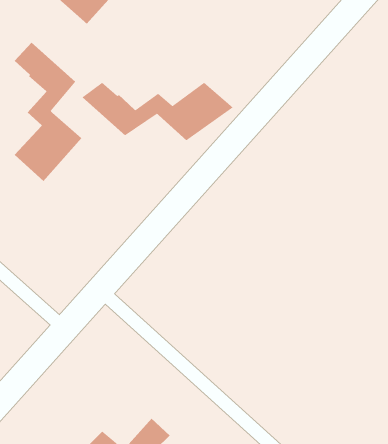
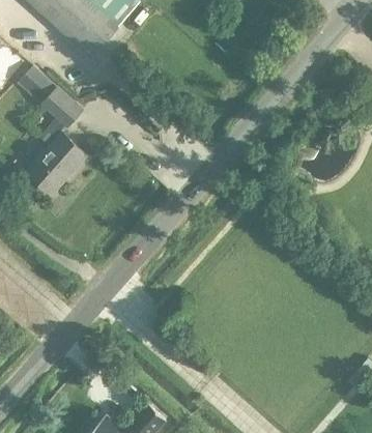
building: [82,82,234,141] -> none

